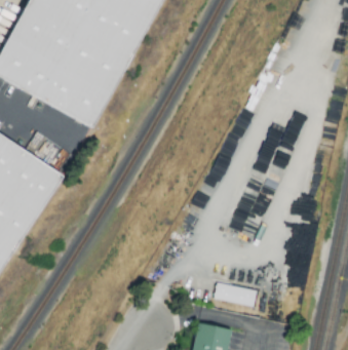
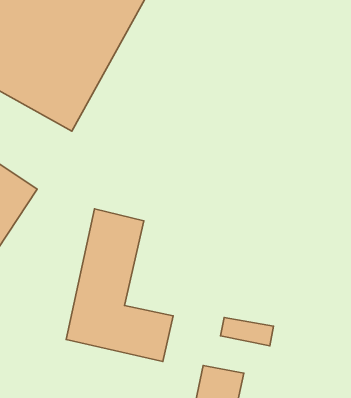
building: none -> [66,209,173,362]

